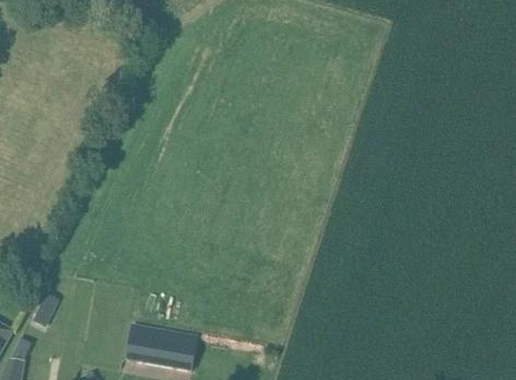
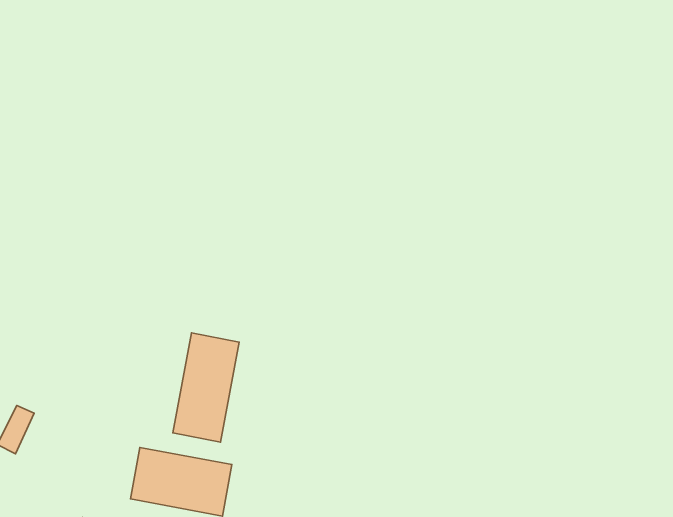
building: none -> [173,333,239,442]

